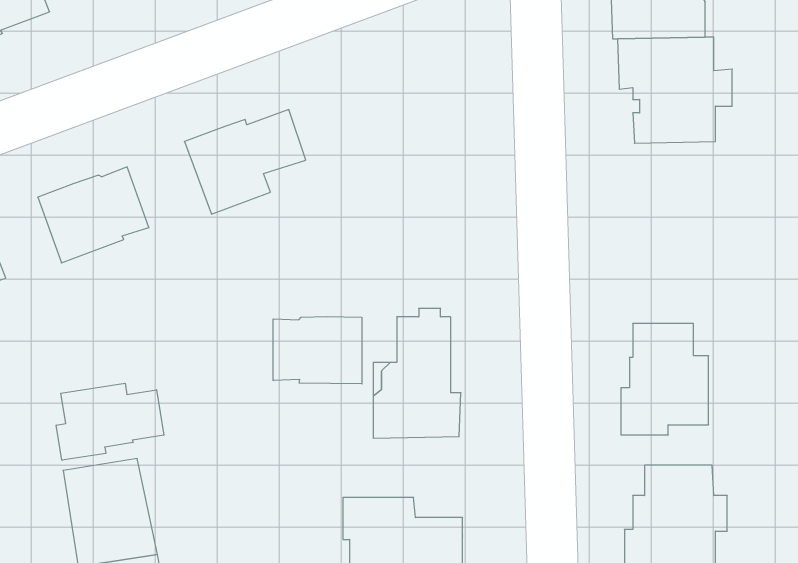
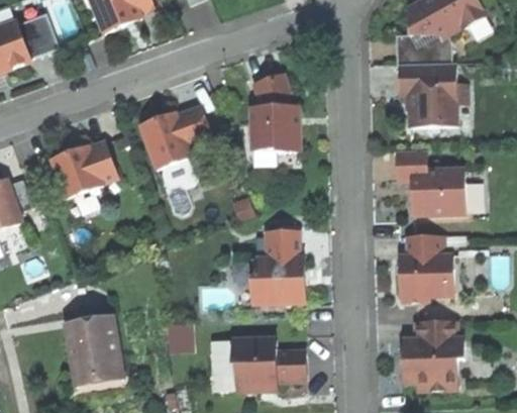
building: none -> [250,74,298,151]
building: none -> [395,148,463,214]
building: [273,317,362,384] -> none
building: [56,383,164,460] -> none

